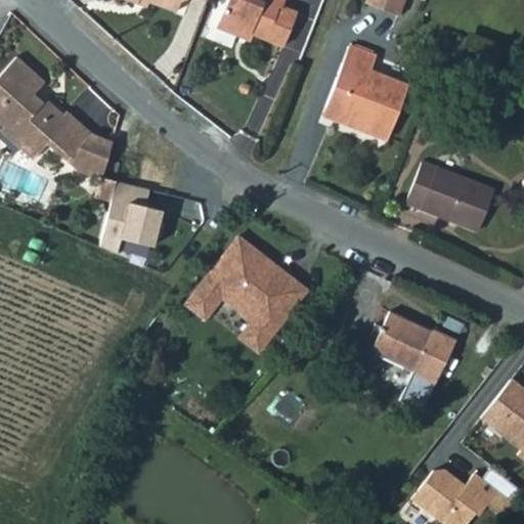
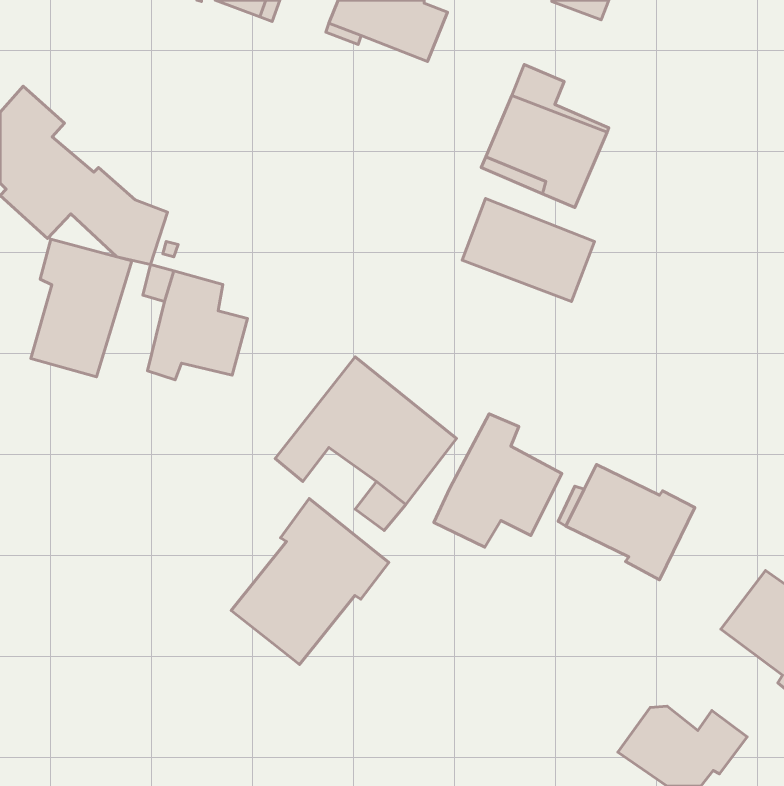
building: none -> [31,239,132,377]
building: [405,162,493,230] -> [462,199,595,302]
building: none -> [434,414,562,547]
building: none -> [231,499,389,665]

